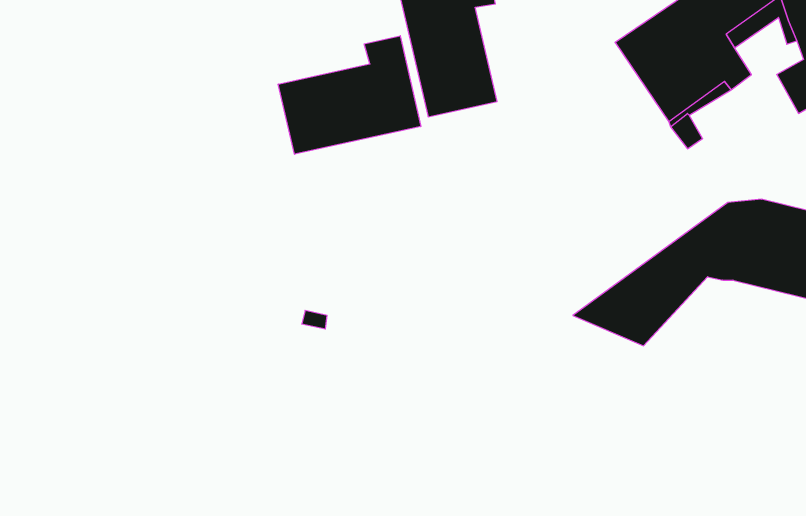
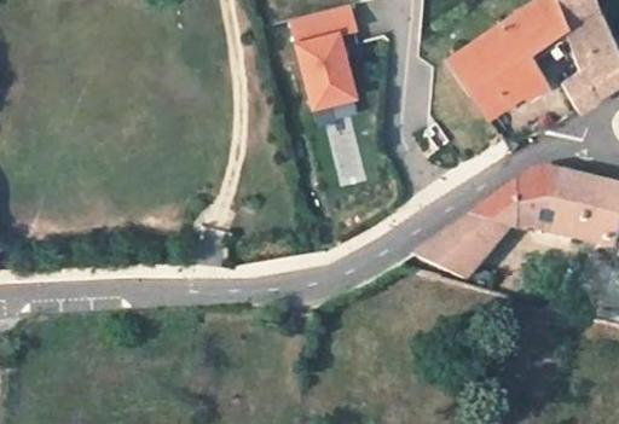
building: [278,36,421,154] -> none

